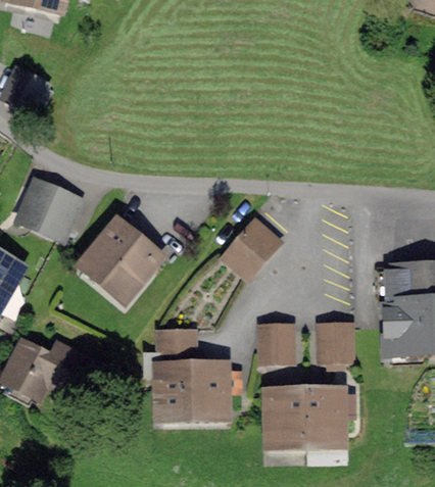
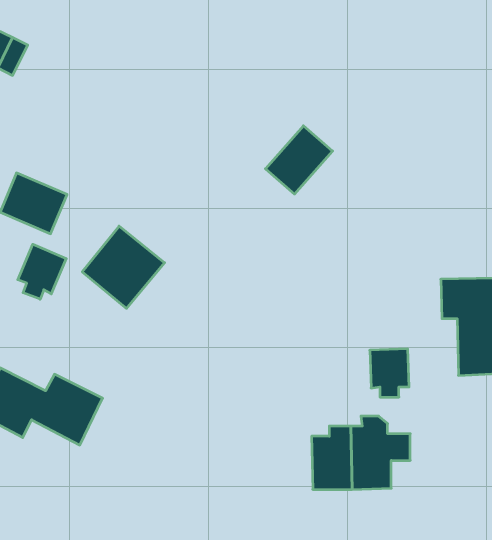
building: [223,222,277,277] -> [265,126,333,194]
building: none -> [18,244,66,299]
building: [259,329,291,360] -> none
building: [160,334,221,415] -> none

